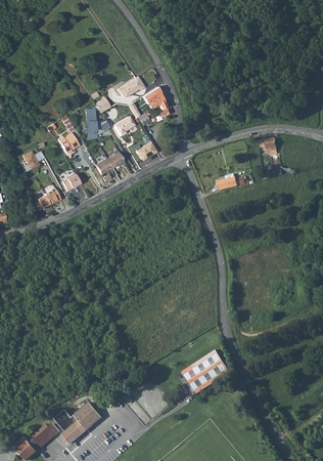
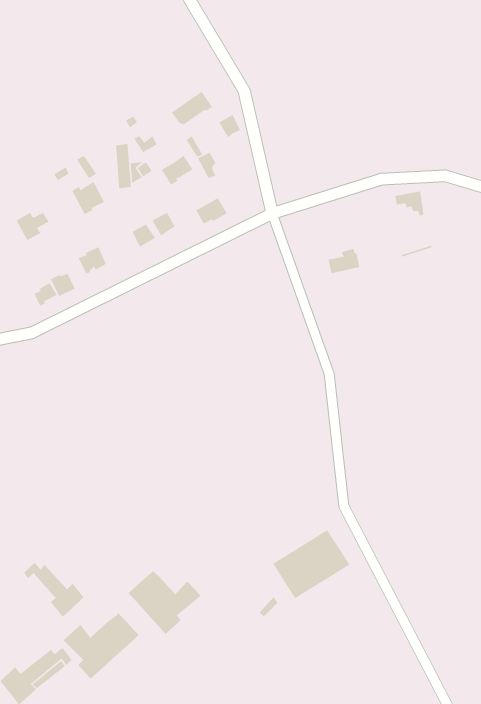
building: none -> [23,562,85,618]
building: none -> [128,570,201,635]

